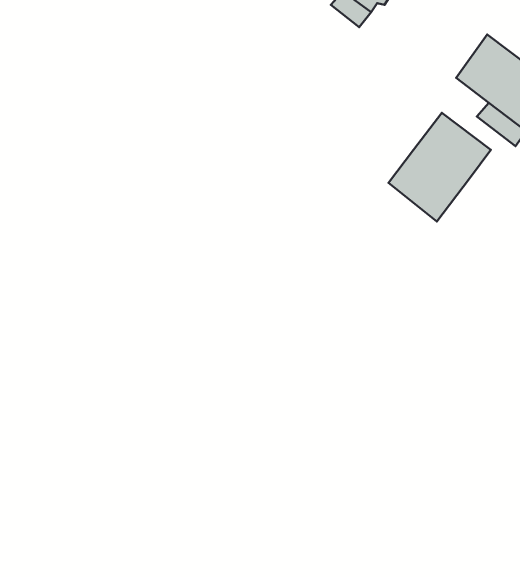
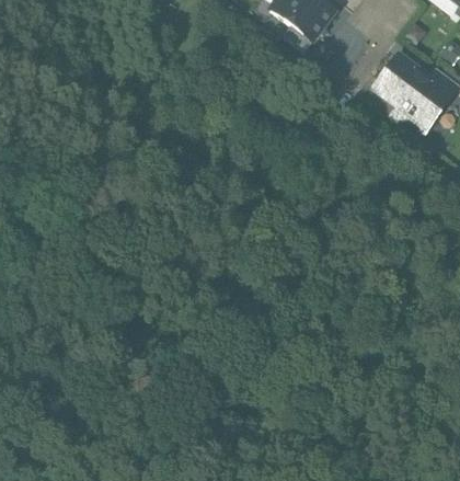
building: [389,113,491,221] -> none

